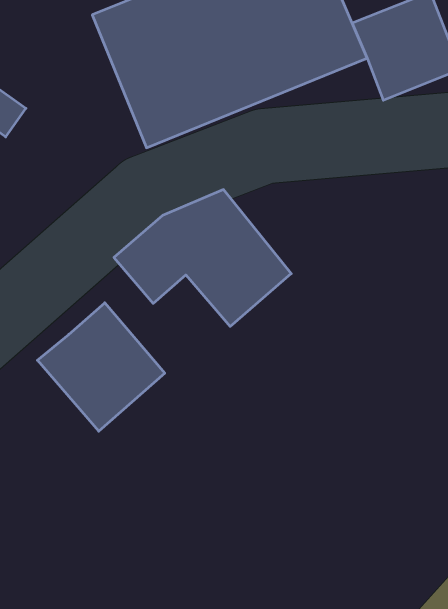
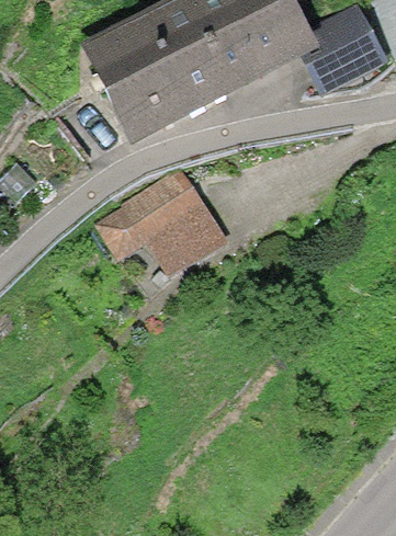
building: [37,303,165,431] -> none

